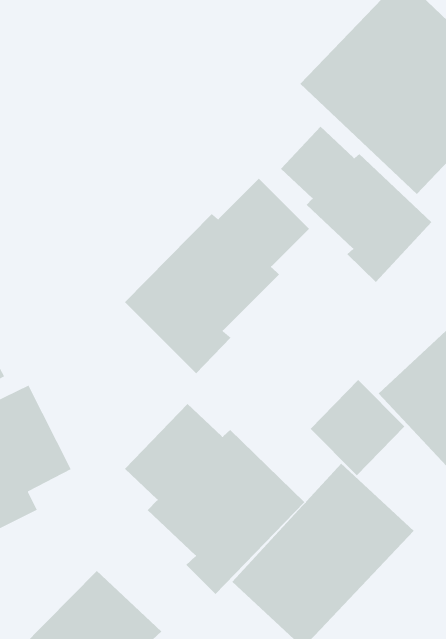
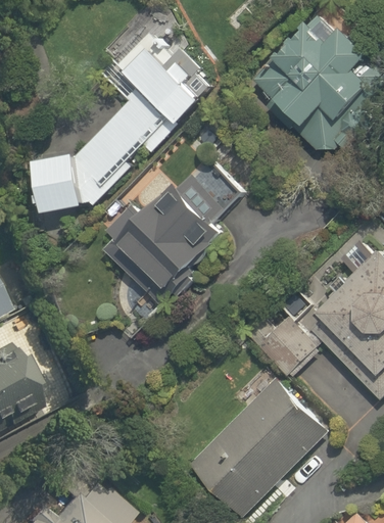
building: none -> [28,29,209,223]
building: [280,126,432,283] -> none
building: [124,403,305,595] -> none

